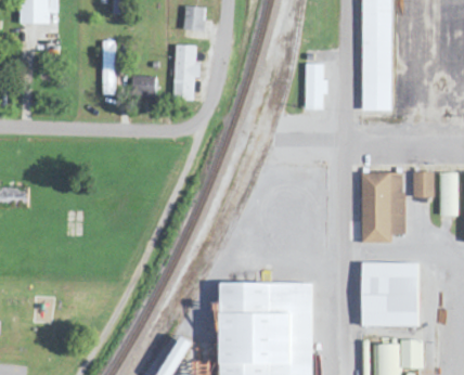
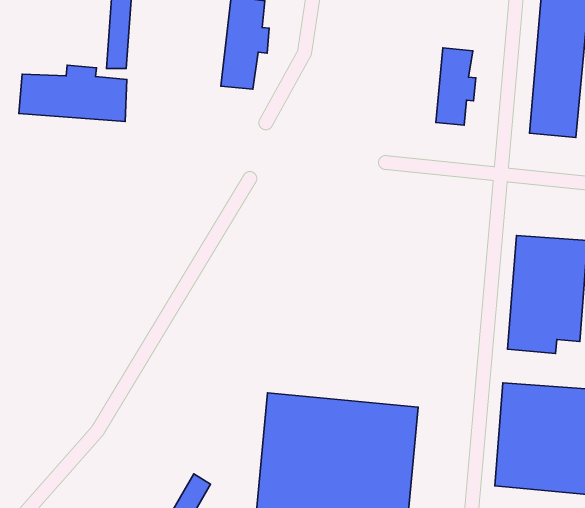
building: [133,76,156,96] -> none
building: none -> [19,65,127,121]

